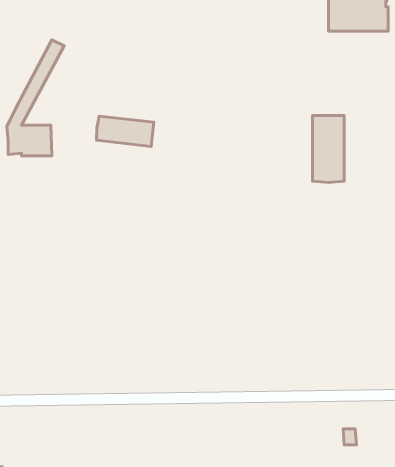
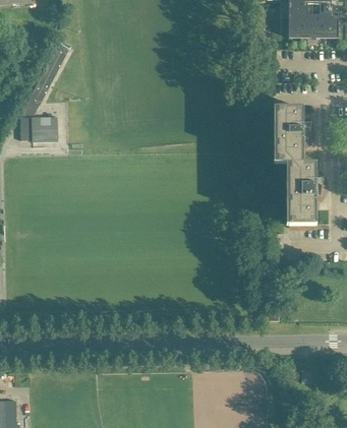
building: [97,116,154,146] -> none
building: none -> [288,162,313,224]

